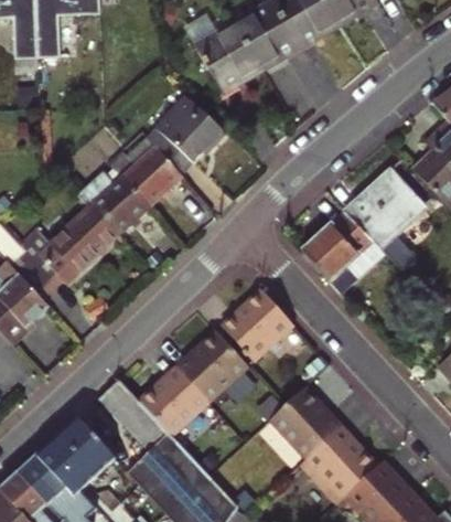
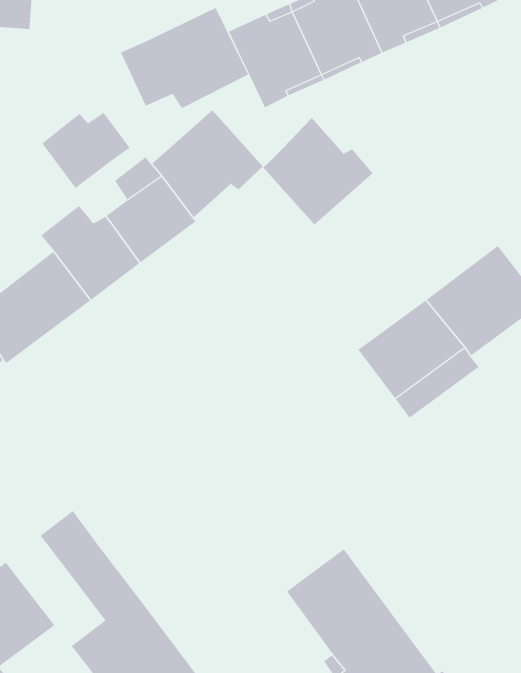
building: none -> [120,7,249,109]
building: none -> [263,117,373,226]
building: none -> [41,112,130,189]
building: [222,290,297,363] -> none
building: [139,330,250,436] -> none

